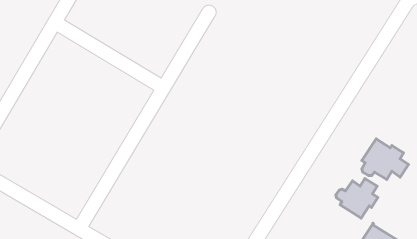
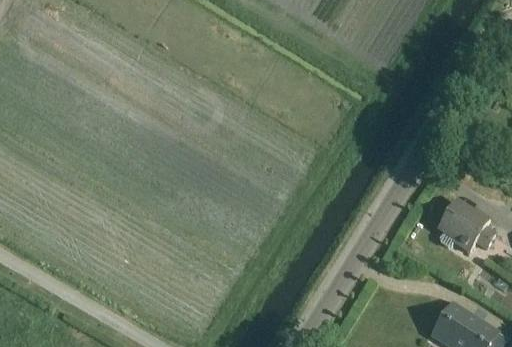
building: [336,178,378,218] -> none

